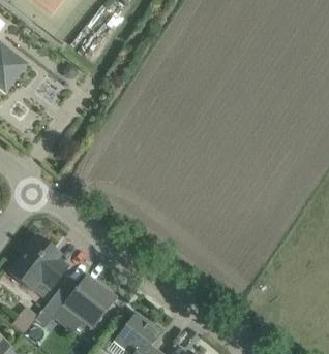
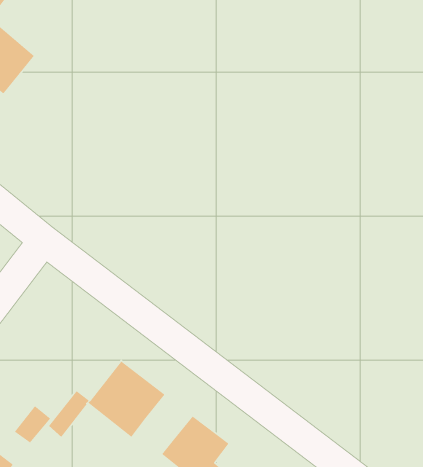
building: [8,236,67,297] -> none

